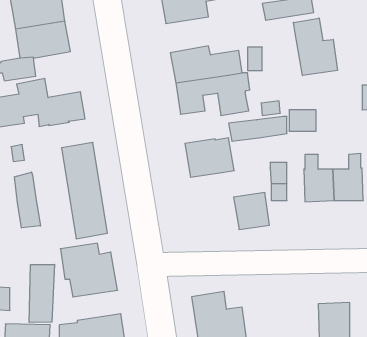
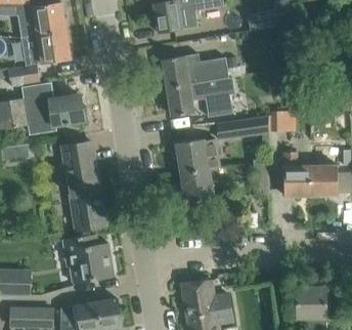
building: [293,18,337,76] -> none
building: [14,172,41,228] -> none
building: [234,193,269,230] -> [180,169,213,203]
building: [29,264,55,322] -> none

